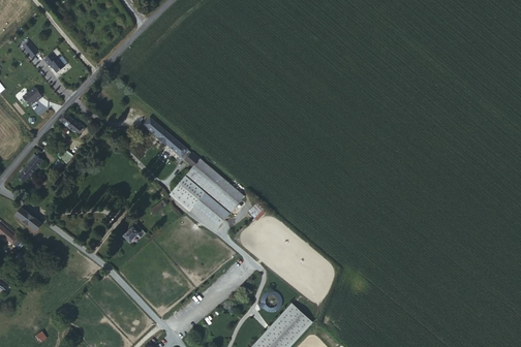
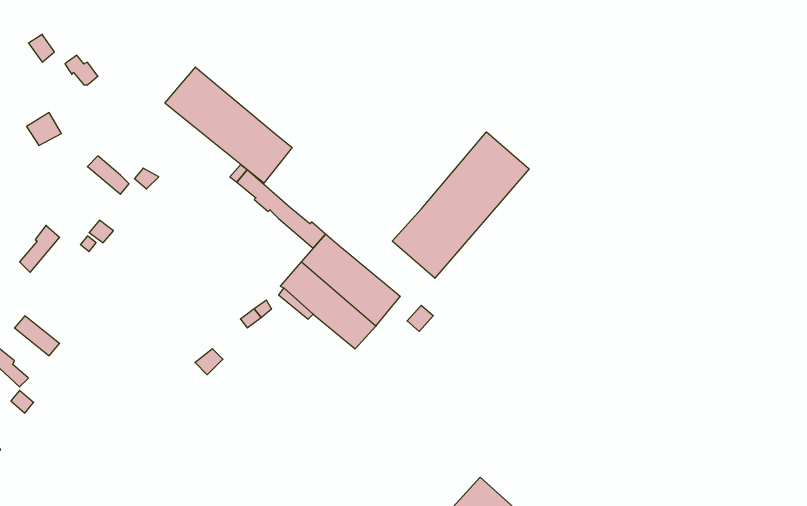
building: none -> [165,67,292,183]
building: none -> [392,132,529,278]

